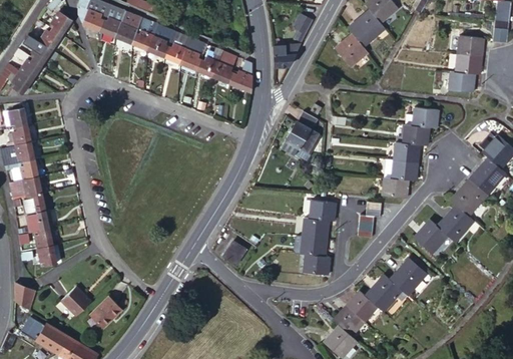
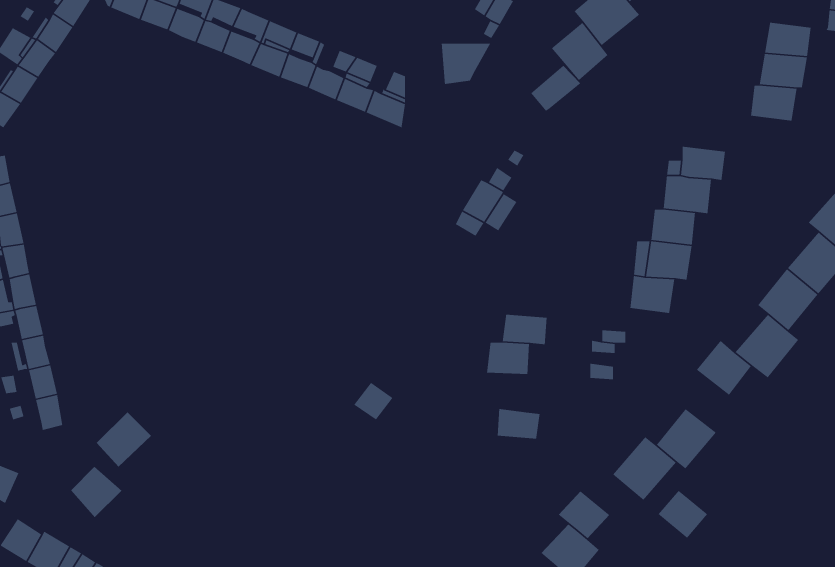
building: none -> [530,65,581,112]
building: [298,234,323,256] -> none
building: [353,287,382,315] -> [658,490,708,539]
building: [89,297,121,329] -> [96,412,152,467]

